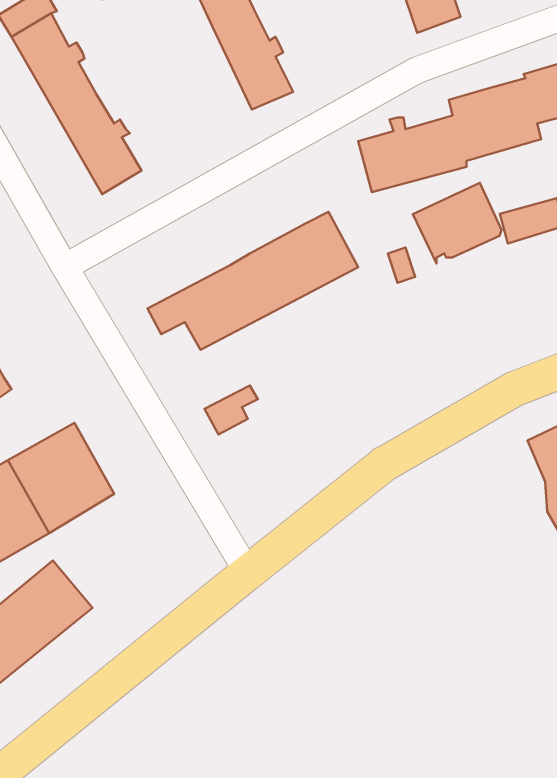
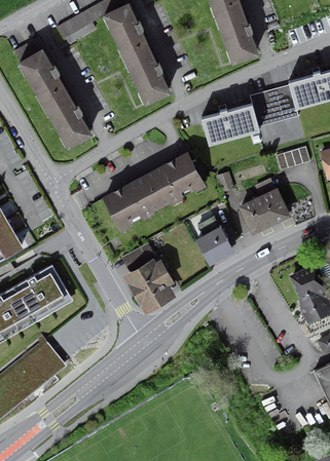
building: [413,183,501,263] -> [242,190,288,232]
building: none -> [197,217,232,262]
building: none -> [131,265,169,306]

